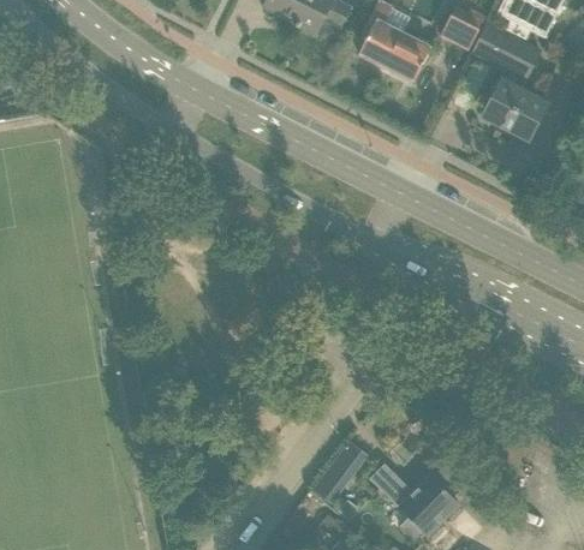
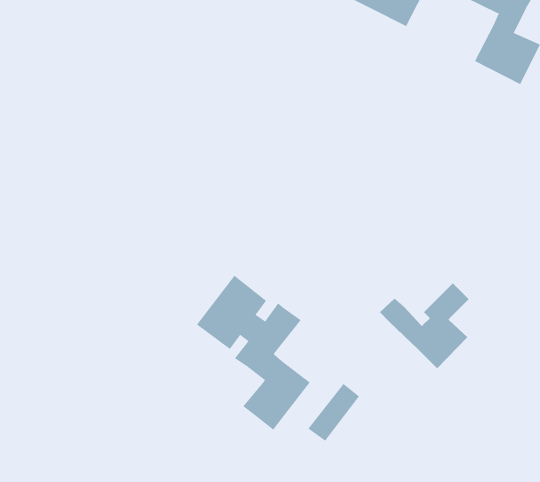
building: none -> [196,275,311,430]
building: [369,447,460,534] -> [379,283,469,369]

